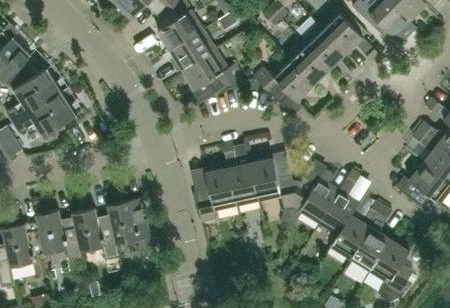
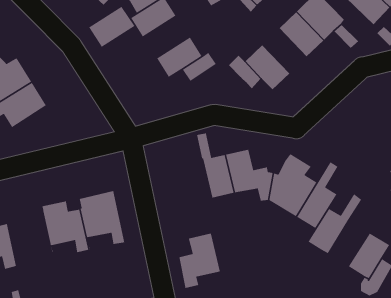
building: [170,29,216,70] -> [88,6,136,48]
building: [286,41,329,85] -> none
building: [196,168,237,222] -> [179,233,221,289]
building: [350,207,391,272] -> none
building: [36,210,82,272] -> none

